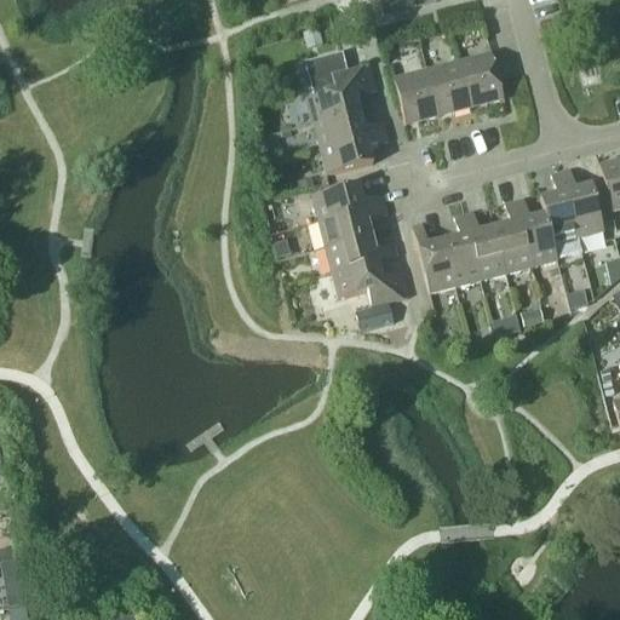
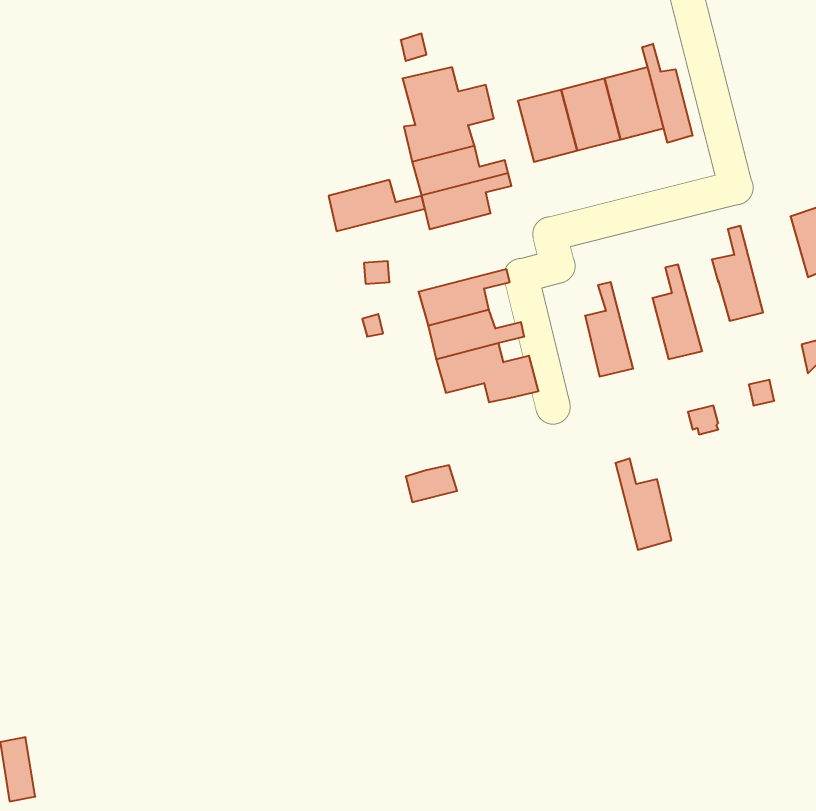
building: none -> [642,44,693,143]
building: [562,168,604,236] -> none
building: [312,182,385,220] -> [329,180,425,231]
building: [515,197,558,265] -> none
building: [464,211,507,279] -> none
building: [413,223,455,292] -> [615,458,671,550]
building: [356,300,395,328] -> [406,465,457,502]

